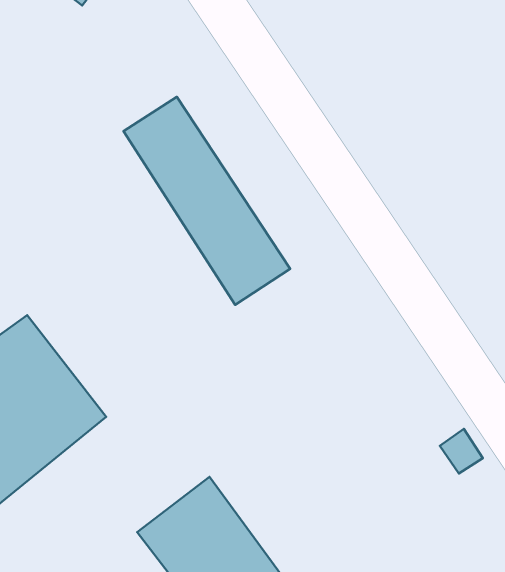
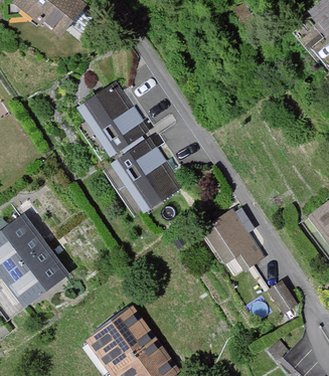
building: none -> [201,212,262,275]

